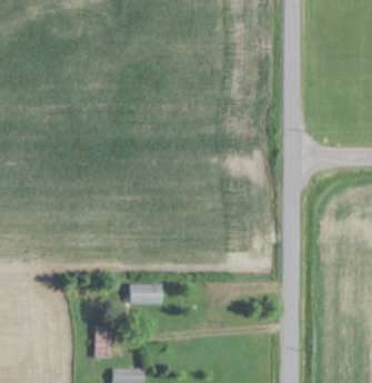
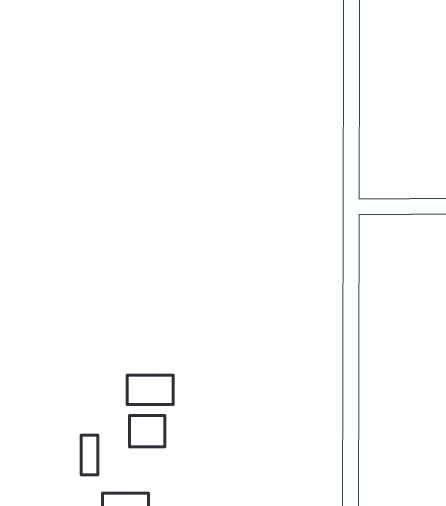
building: none -> [129,416,165,447]

